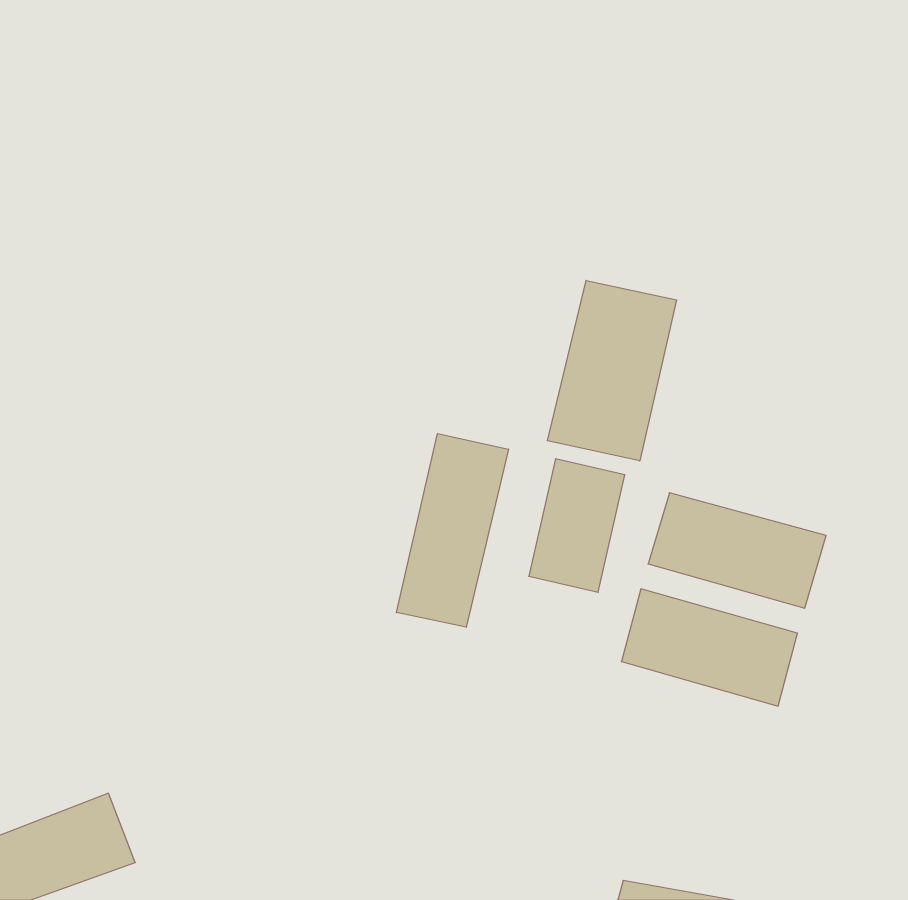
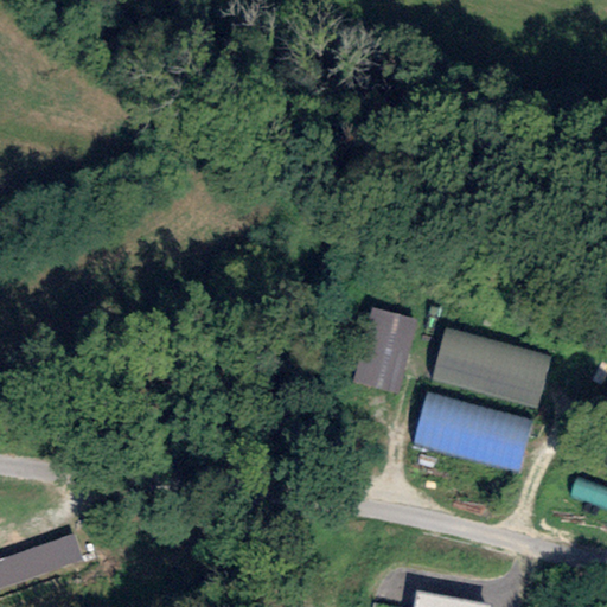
building: [547,280,676,461] -> none
building: [397,434,508,627] -> none

